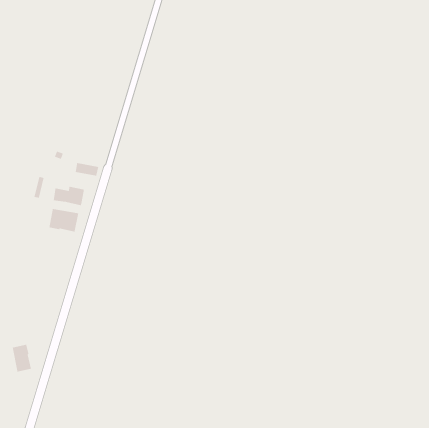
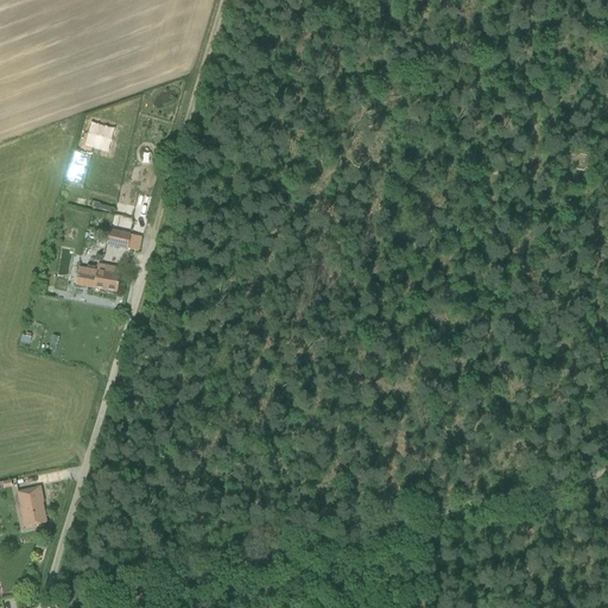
building: [48,208,79,232] -> none

